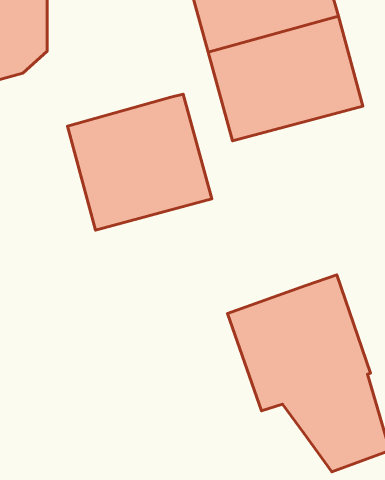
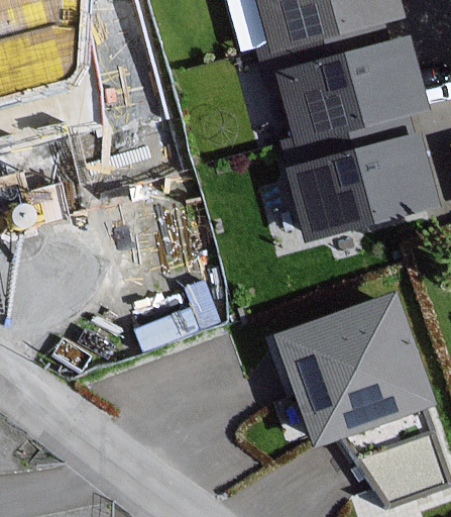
building: [67,94,212,230] -> none
building: none -> [267,118,435,244]

